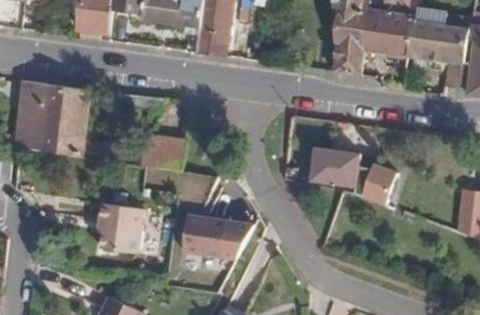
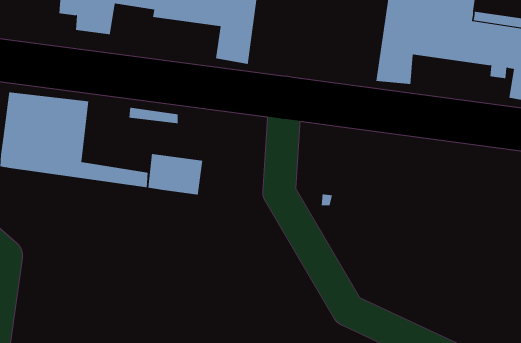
building: [311,149,398,207] -> none
building: [96,205,147,258] -> none
building: [186,216,230,256] -> none

